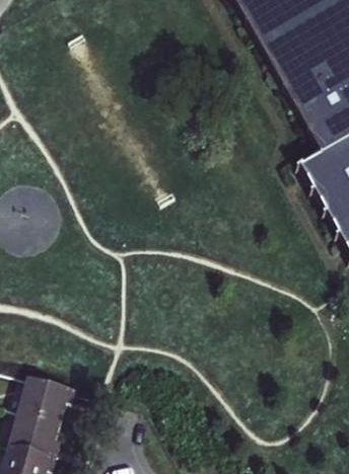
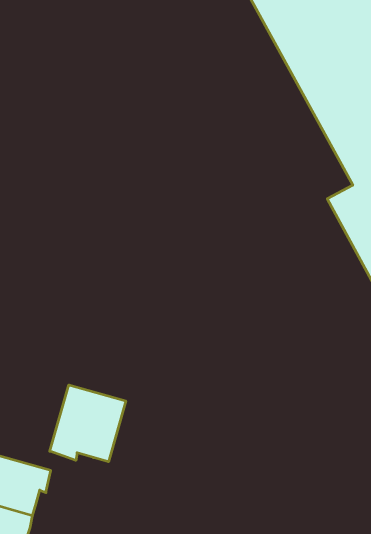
building: none -> [50,385,126,462]

